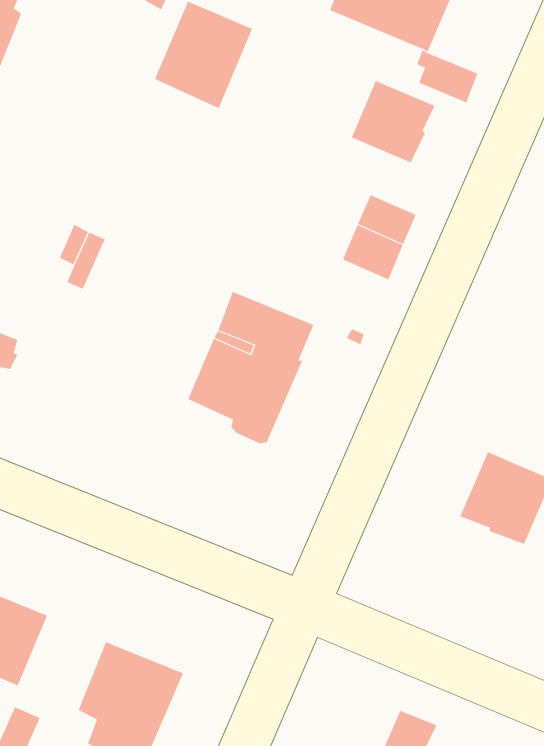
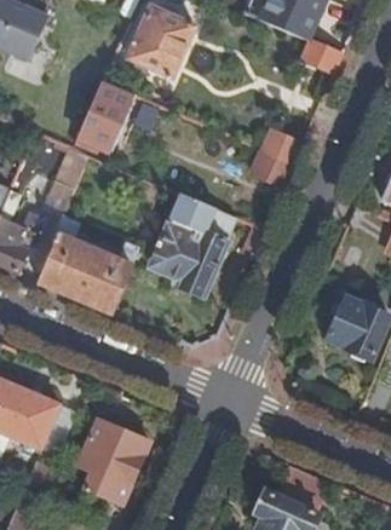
building: [351,80,435,163] -> none
building: none -> [79,81,134,150]
building: none -> [39,214,138,311]

